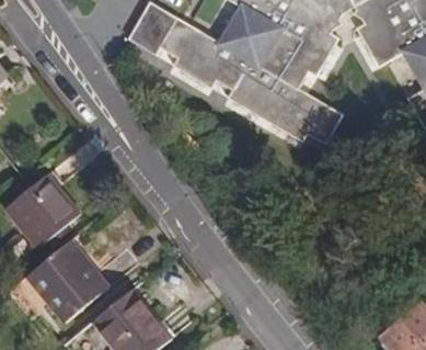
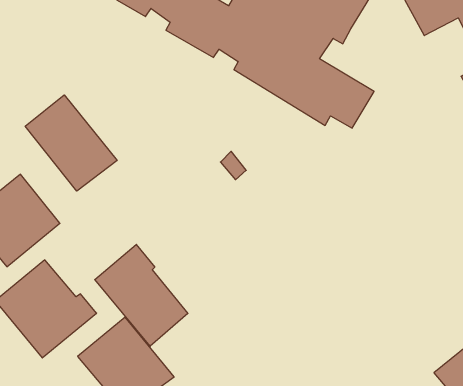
building: none -> [25,95,117,191]
building: none -> [95,244,188,346]

